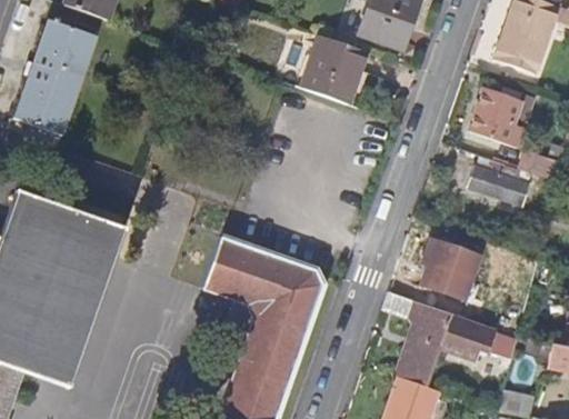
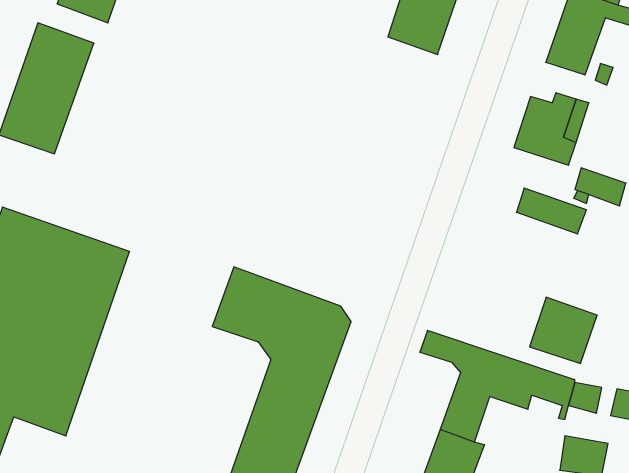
building: [297,37,361,106] -> none
building: [426,241,485,299] -> [530,297,597,363]

